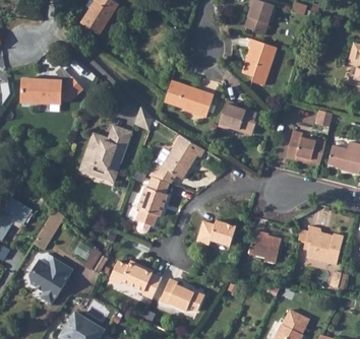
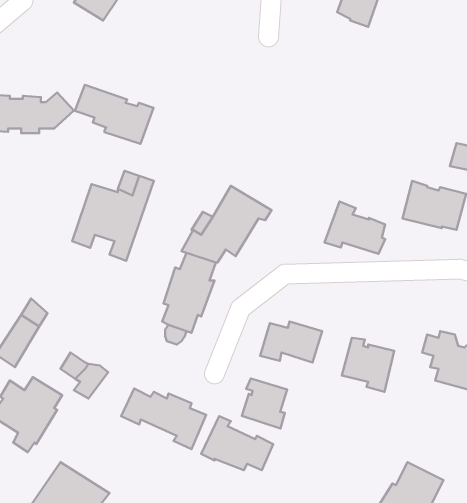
building: [242,42,277,87] -> none
building: [165,80,214,117] -> [75,85,153,144]
building: [217,99,254,132] -> [325,202,385,254]
building: none -> [242,379,287,428]

